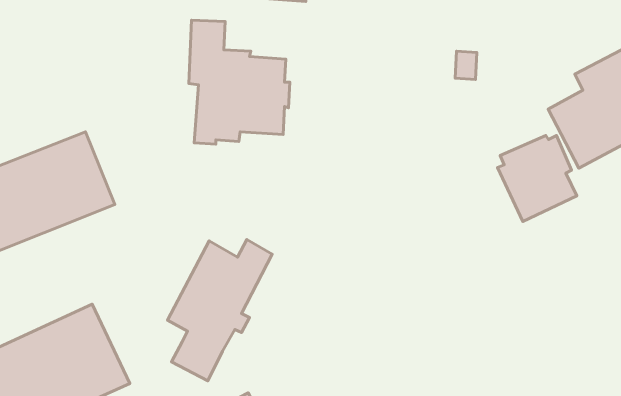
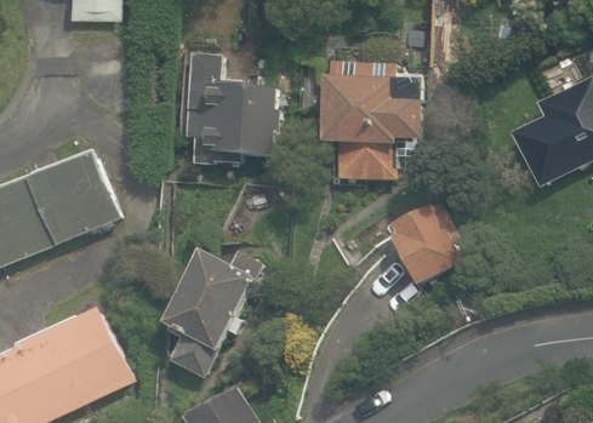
building: none -> [324,62,422,181]
building: [497,135,577,221] -> [390,208,462,286]

